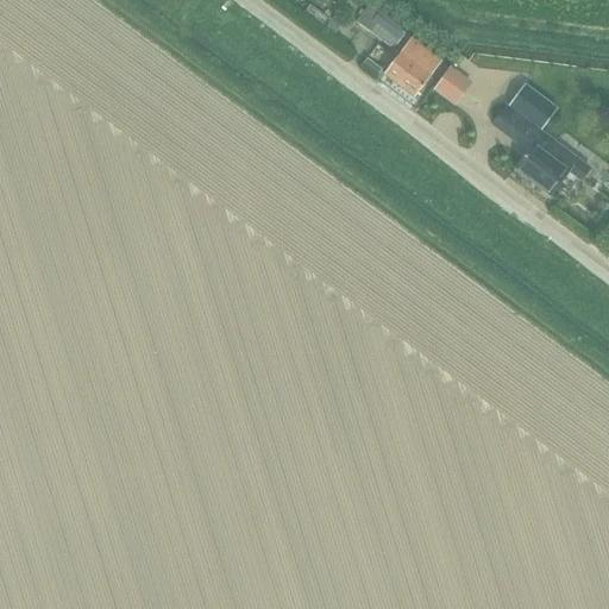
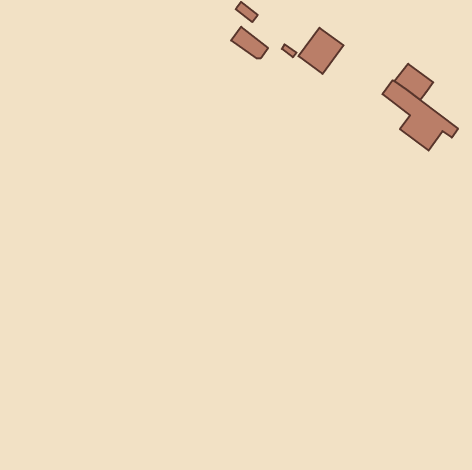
building: [358,5,406,45] -> [231,27,268,58]
building: [434,65,472,105] -> none

